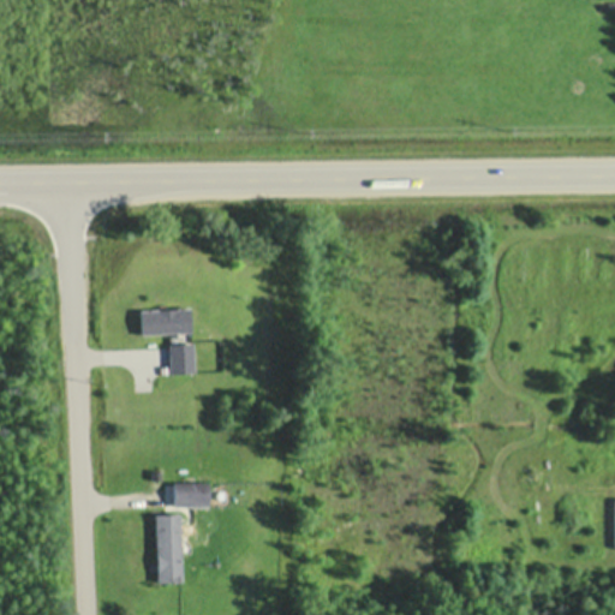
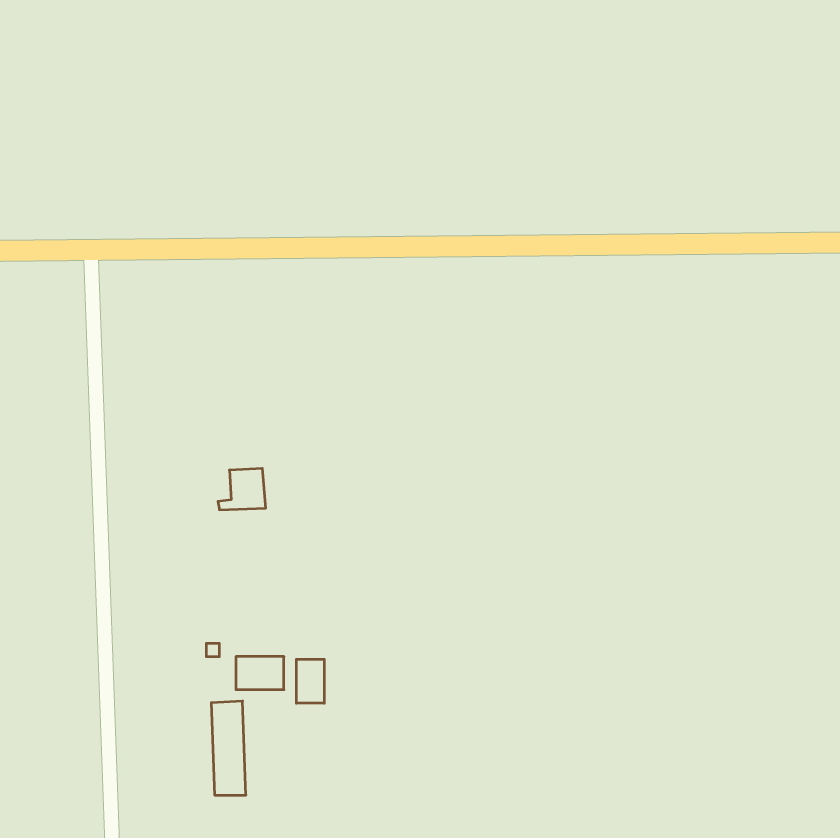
building: [141,309,192,335] -> none
building: none -> [296,659,324,703]

